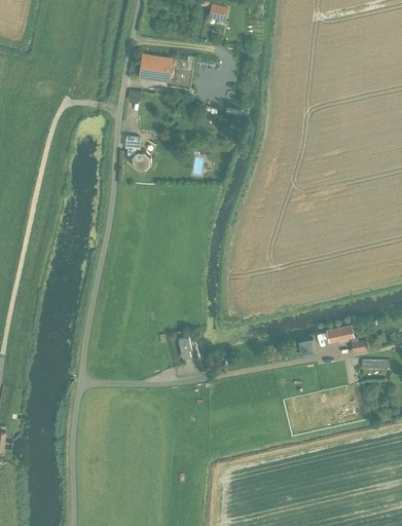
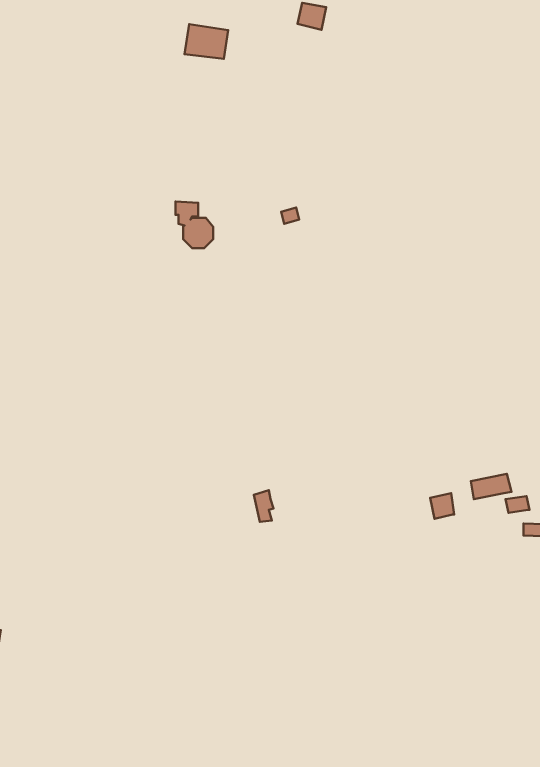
building: [141,55,171,79] -> [185,24,228,59]

